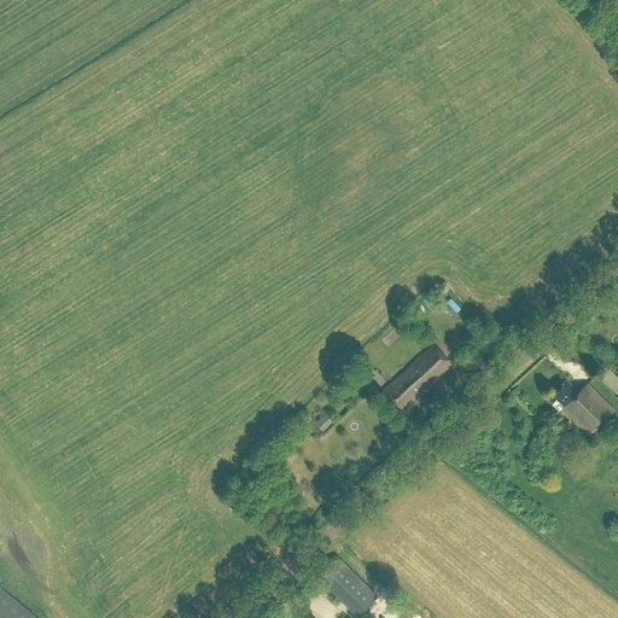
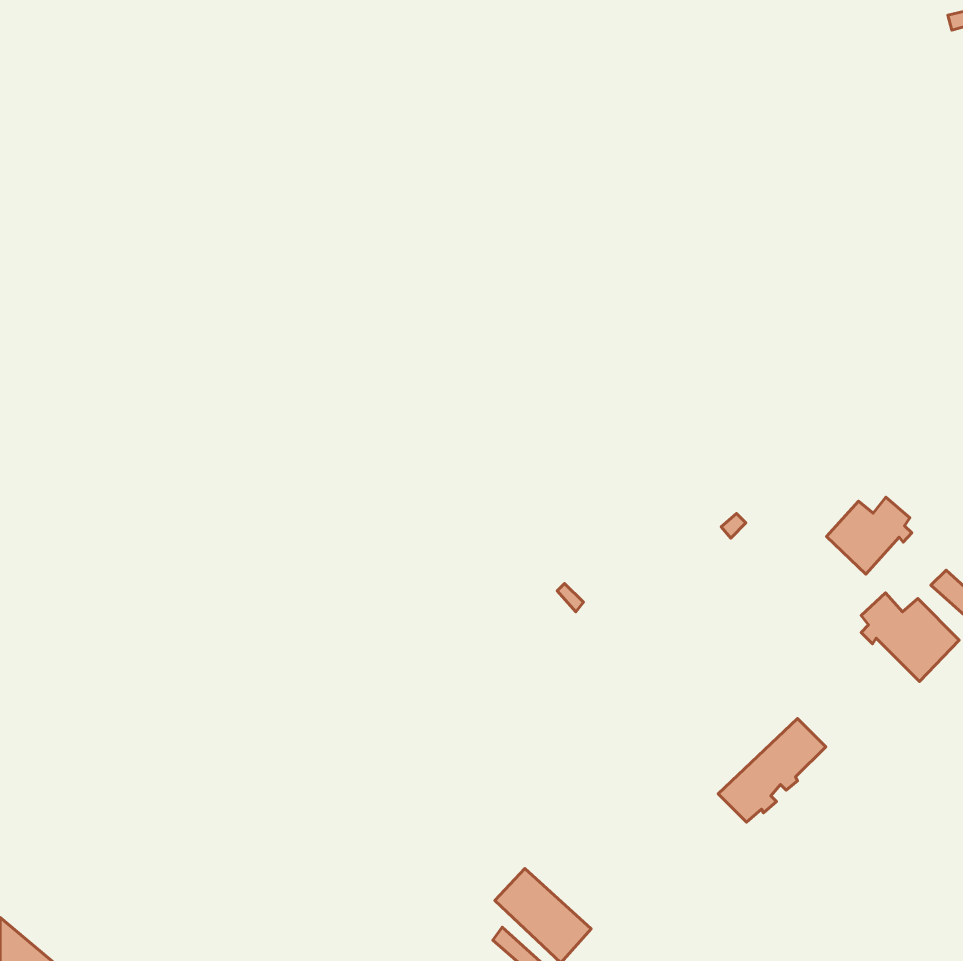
building: none -> [827,497,912,574]
building: [381,346,450,413] -> [718,718,826,822]

